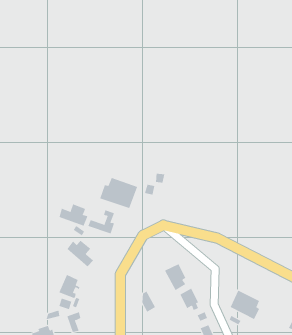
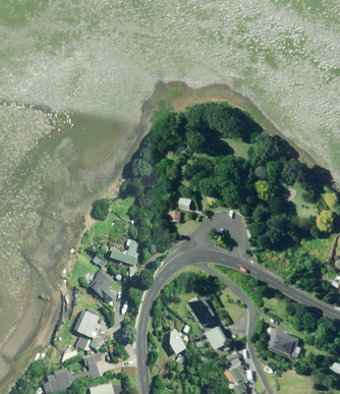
building: [99,177,138,209] -> none
building: [59,204,88,226] -> none

